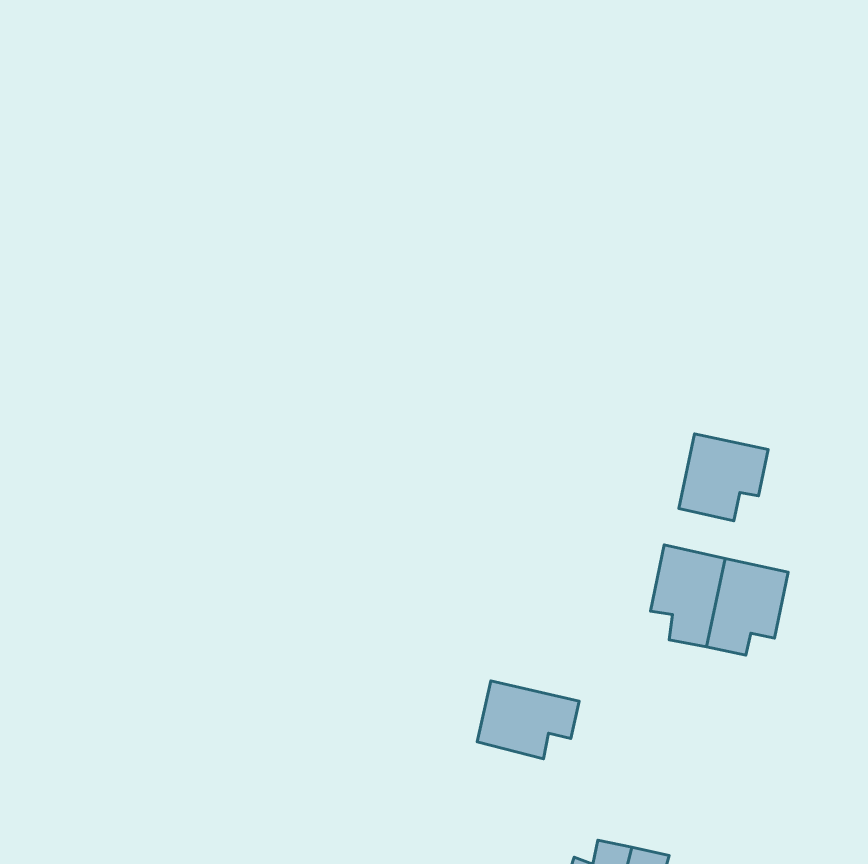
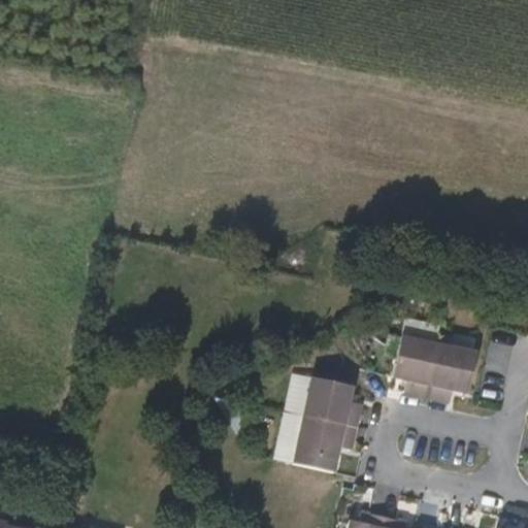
building: [679,434,768,521] -> none
building: none -> [298,378,357,428]

